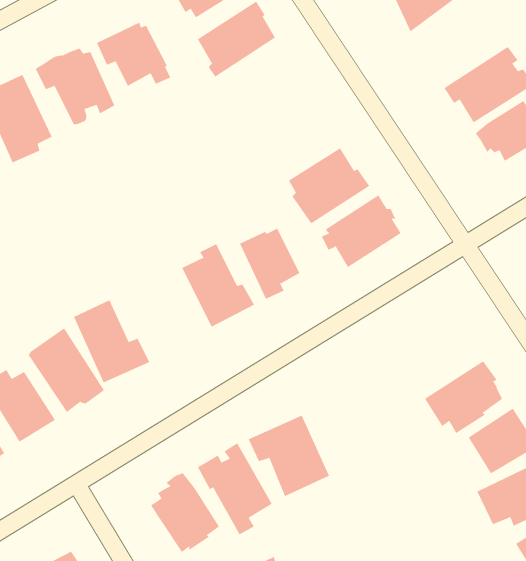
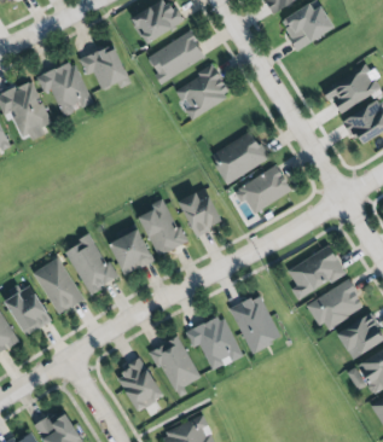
building: none -> [176,64,230,120]
building: none -> [109,225,156,275]
building: none -> [288,245,346,299]
building: none -> [230,296,280,356]

